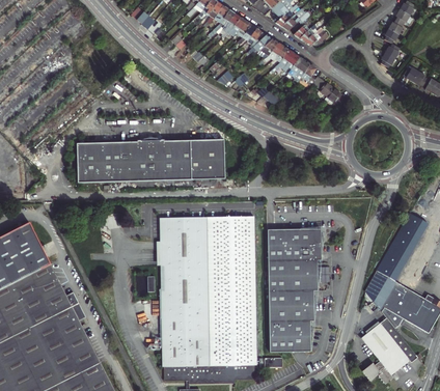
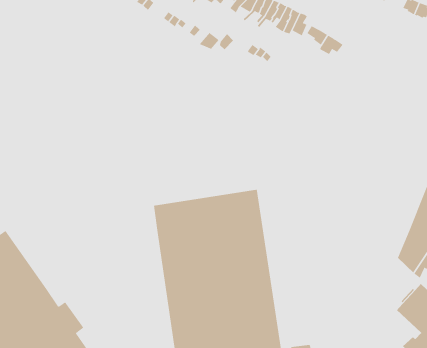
building: [78,138,223,184] -> none
building: [266,229,323,352] -> none

